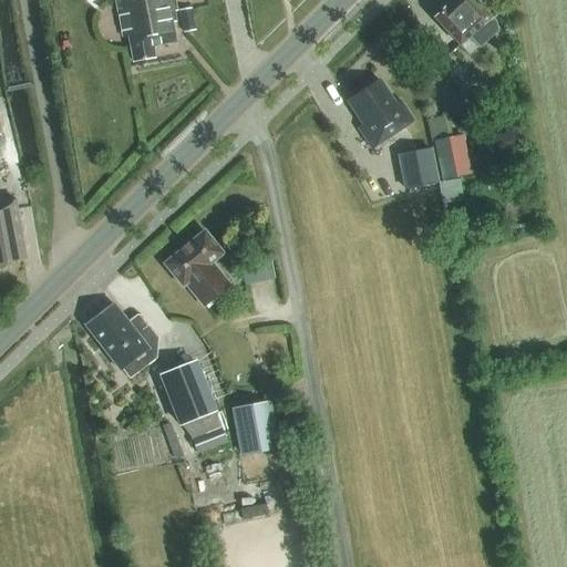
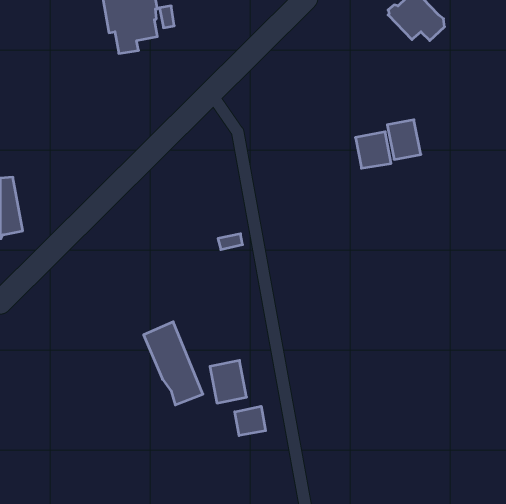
building: [348,80,413,146] -> none
building: [165,230,226,299] -> none
building: [85,302,159,380] -> none
building: none -> [235,406,266,436]

